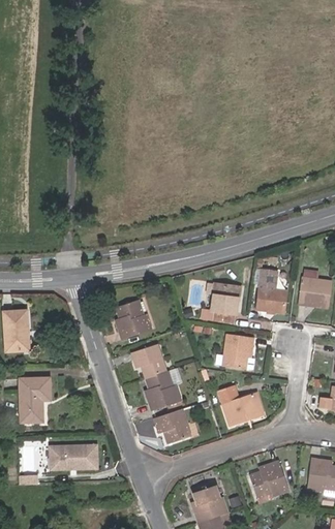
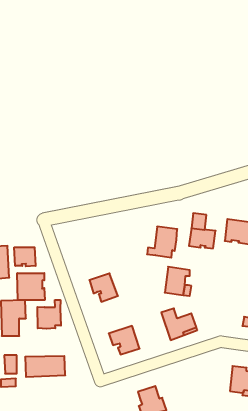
building: [116,300,151,339] -> none
building: none -> [14,247,36,266]
building: none -> [17,273,45,300]
building: [146,371,182,409] -> none
building: none -> [37,300,61,329]
building: [247,460,287,496] -> none

